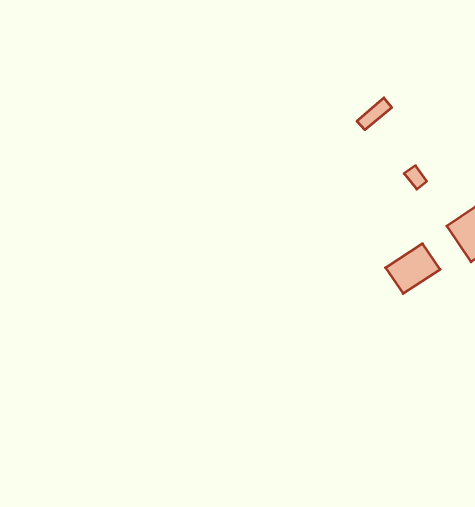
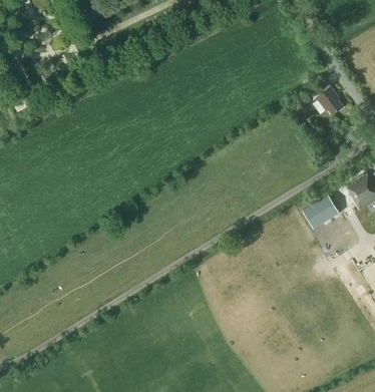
building: none -> [316,86,343,114]

